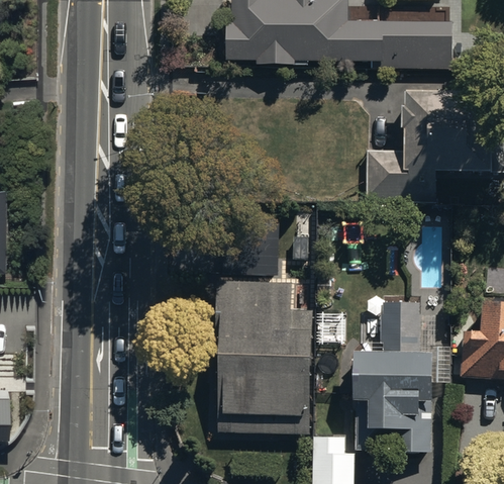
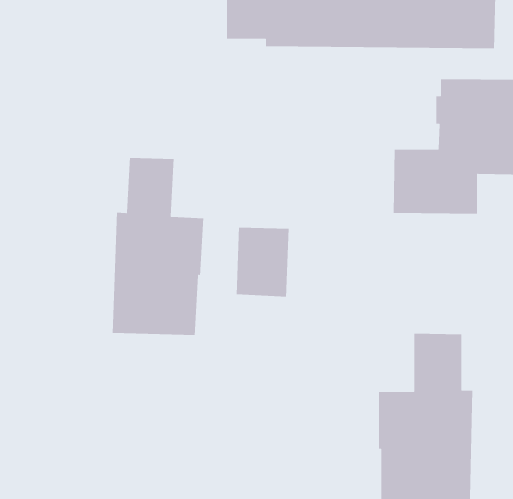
building: none -> [112,157,204,336]
building: [217,279,312,430] -> none

